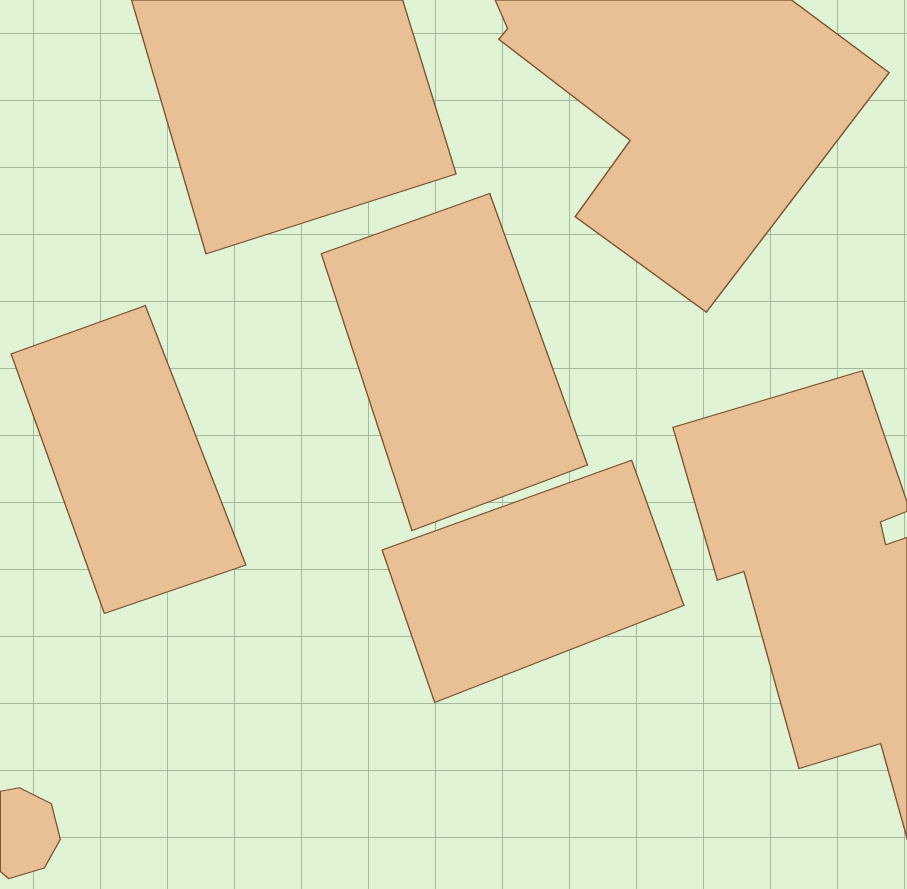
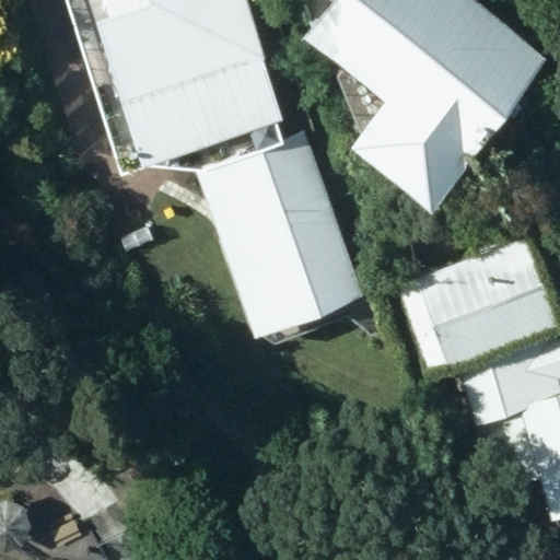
building: [11,305,246,613] -> none
building: [382,460,684,703] -> none

